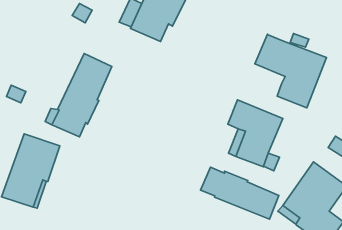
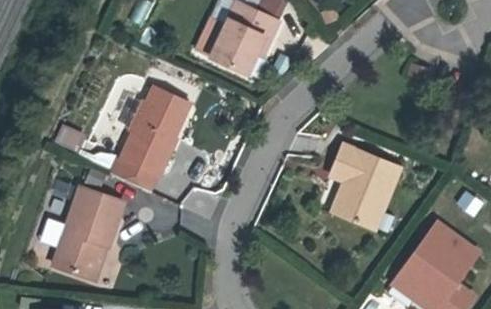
building: [255,34,326,108] -> none
building: [200,167,279,219] -> none

